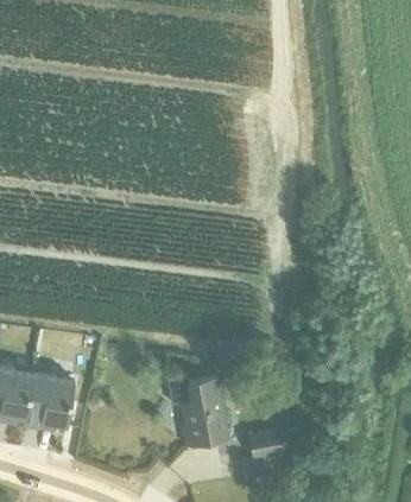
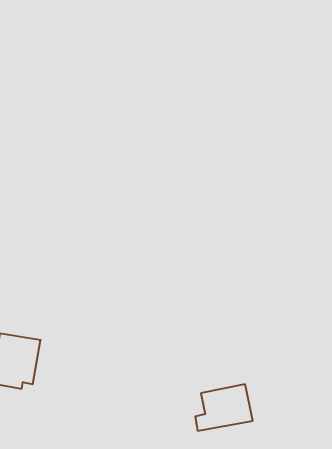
building: [182,376,230,447] -> none

